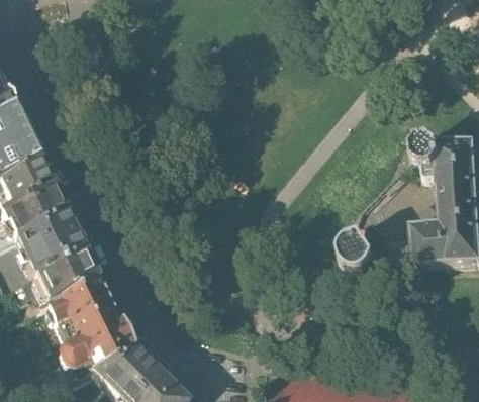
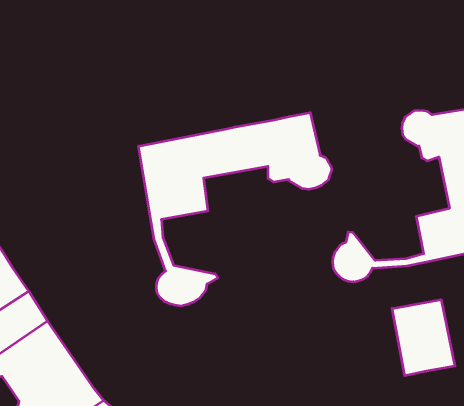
building: none -> [139,113,332,306]
building: none -> [392,300,455,376]

